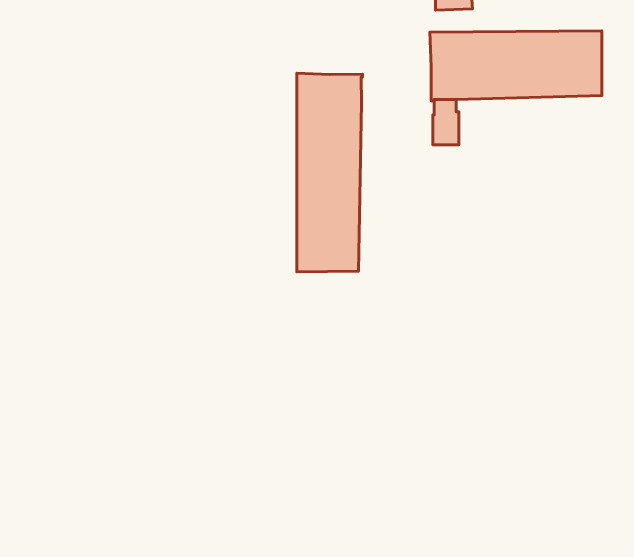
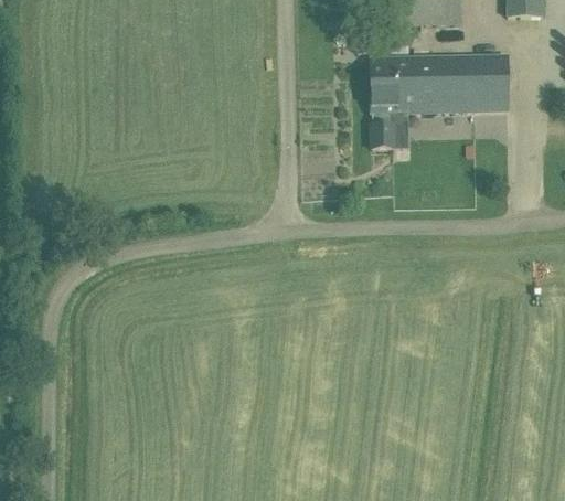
building: [297,73,363,272] -> none

